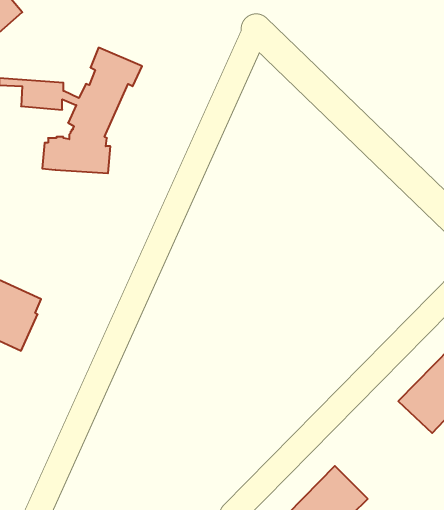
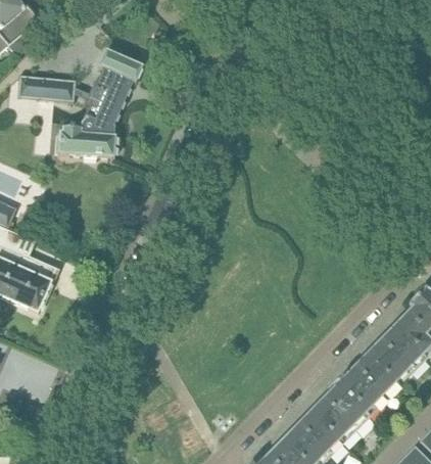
building: none -> [309,356,394,440]

